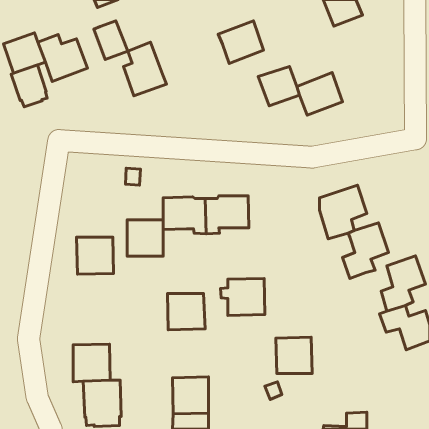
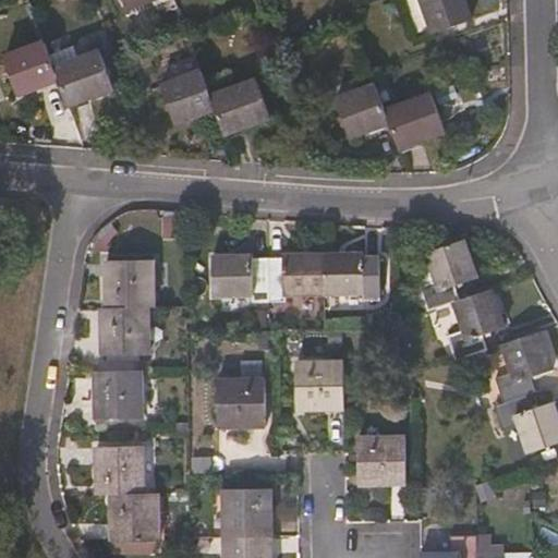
building: [218,21,264,64] -> [211,78,270,134]
building: [94,21,128,59] -> none
building: [11,65,47,107] -> none
building: none -> [323,253,378,301]
building: [127,220,163,256] -> [106,260,153,307]
building: none -> [95,369,142,418]

